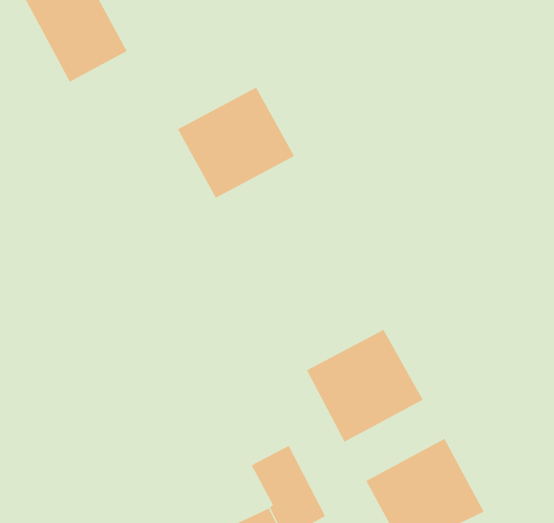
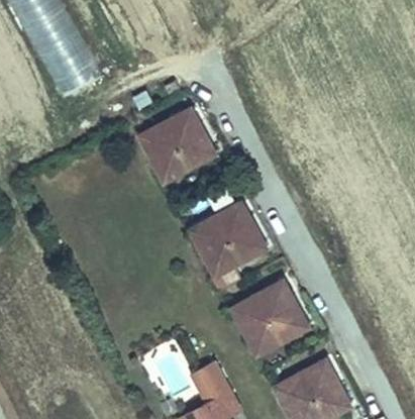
building: none -> [185,199,270,292]

